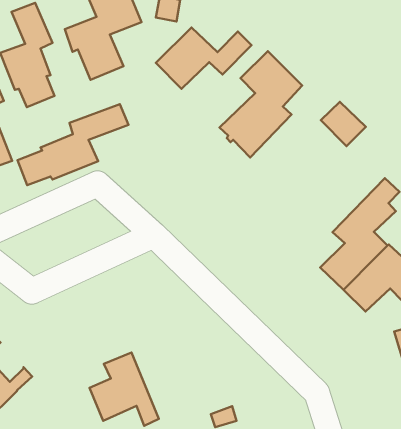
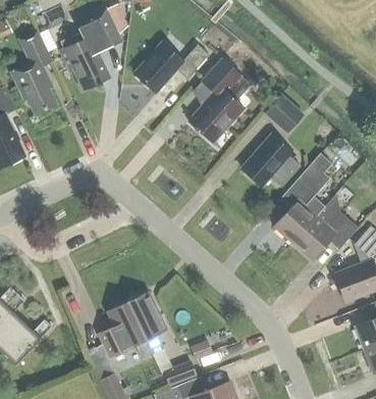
building: [18,104,129,185] -> none
building: none -> [241,135,301,187]
building: none -> [128,292,166,353]

